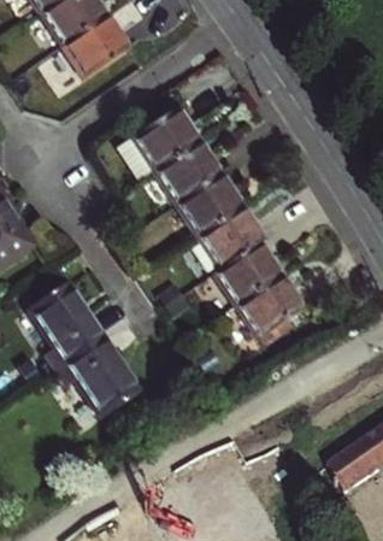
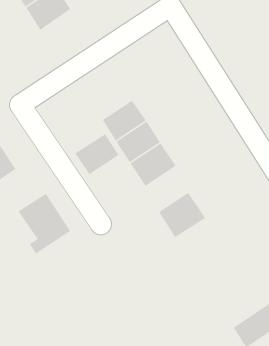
building: [63,20,129,84] -> none
building: [128,116,190,174] -> [74,133,119,175]
building: [205,241,269,301] -> none
building: [57,328,143,411] -> none

